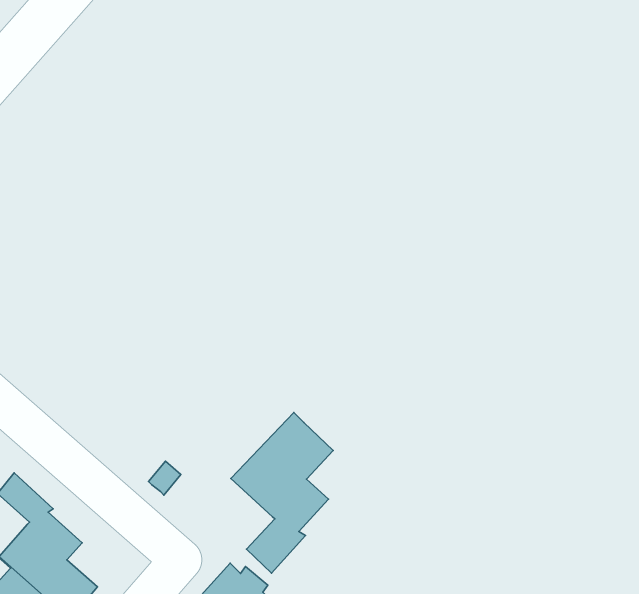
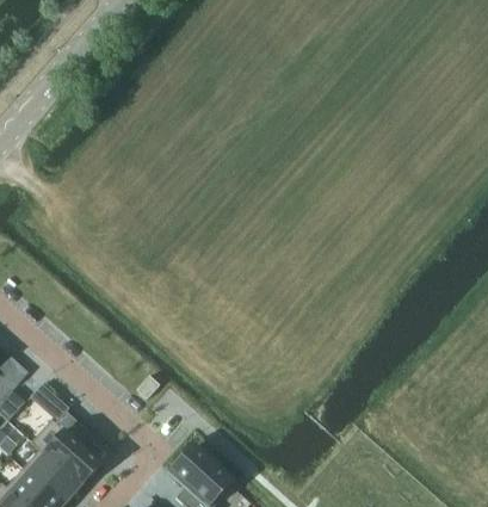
building: [231,413,333,573] -> none

